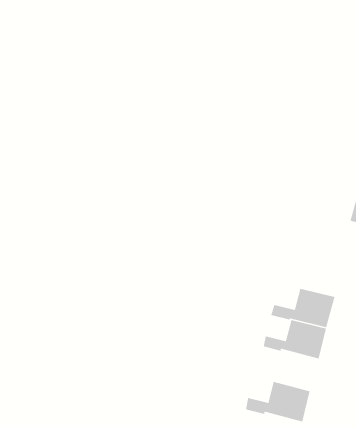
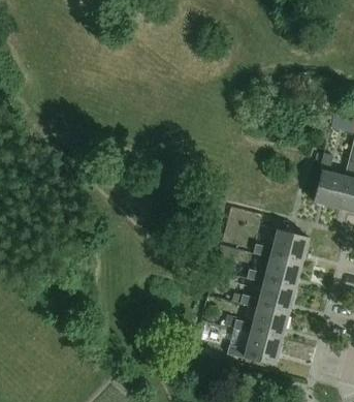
building: none -> [254,228,308,261]
building: none -> [234,305,288,339]

